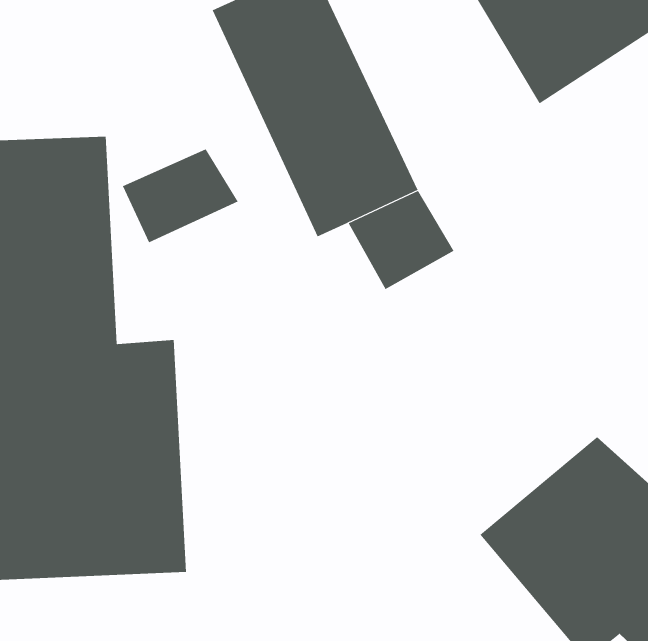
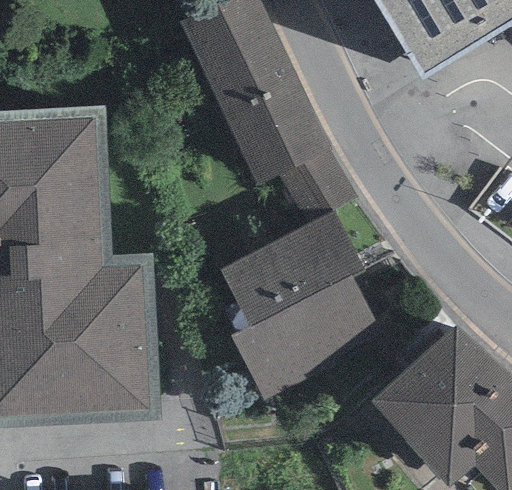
building: [122,149,238,243] -> none
building: none -> [226,211,381,395]

